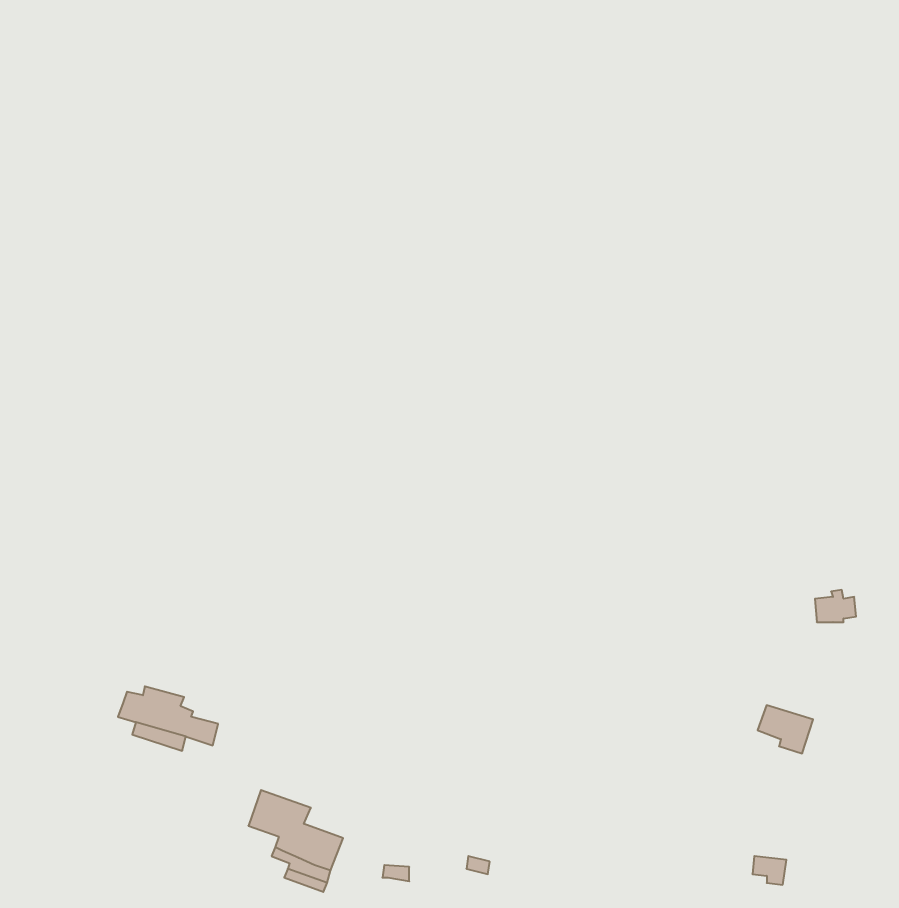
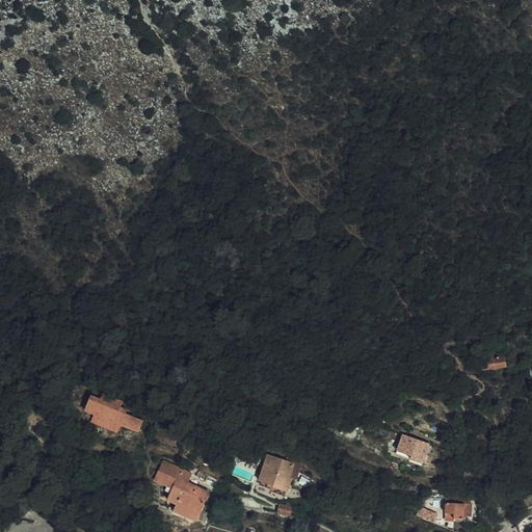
building: [758,705,813,753] -> [397,432,429,460]
building: none -> [261,452,295,488]

